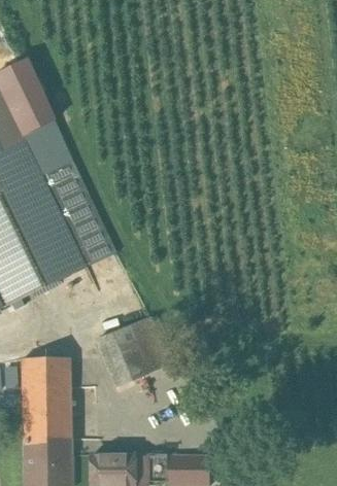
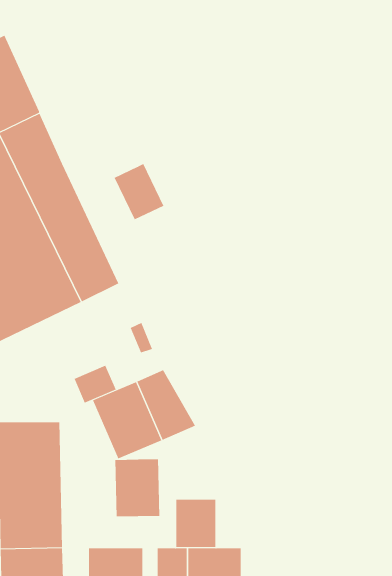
building: none -> [114,163,164,220]
building: none -> [74,365,116,404]
building: none -> [115,458,160,517]
building: none -> [176,499,216,548]

